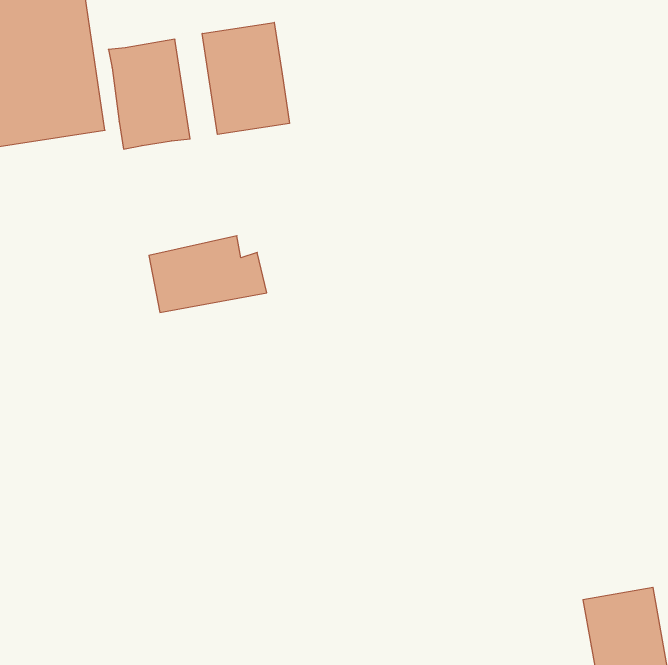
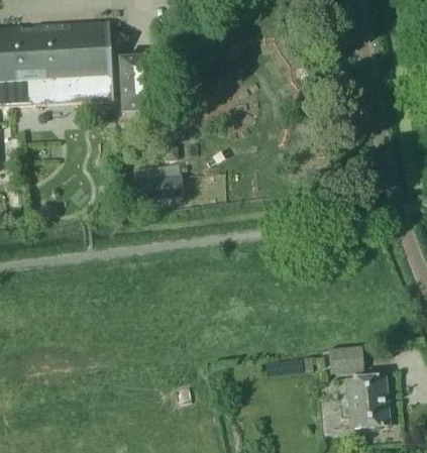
building: [202,22,289,134] -> none
building: none -> [328,345,362,371]

